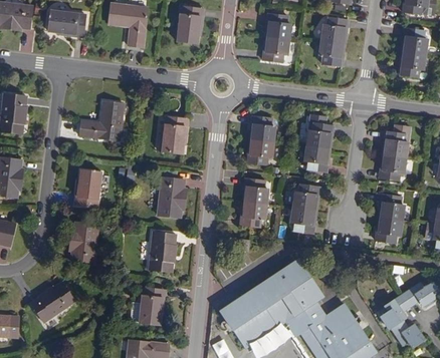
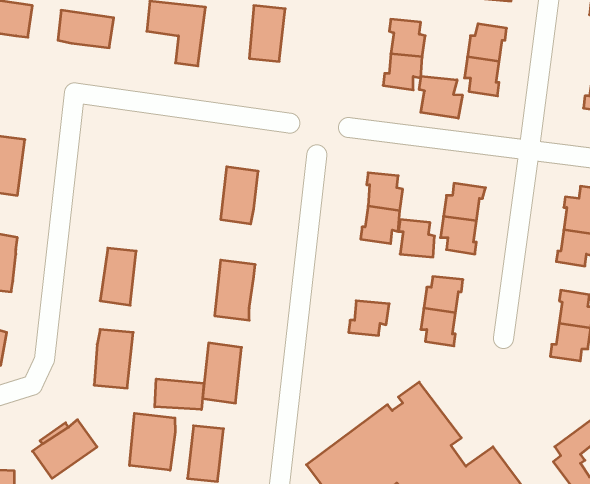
building: none -> [419,76,462,118]
building: [80,101,123,139] -> none
building: [246,181,270,206] -> [398,220,435,257]
building: none -> [155,379,204,410]
building: none -> [130,413,175,470]

